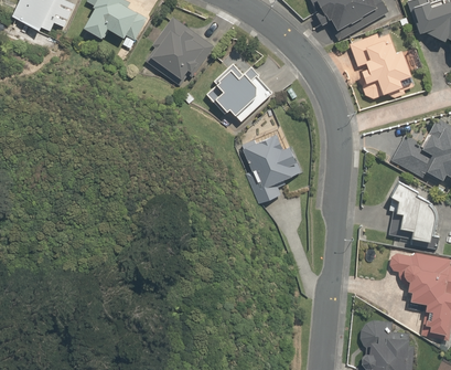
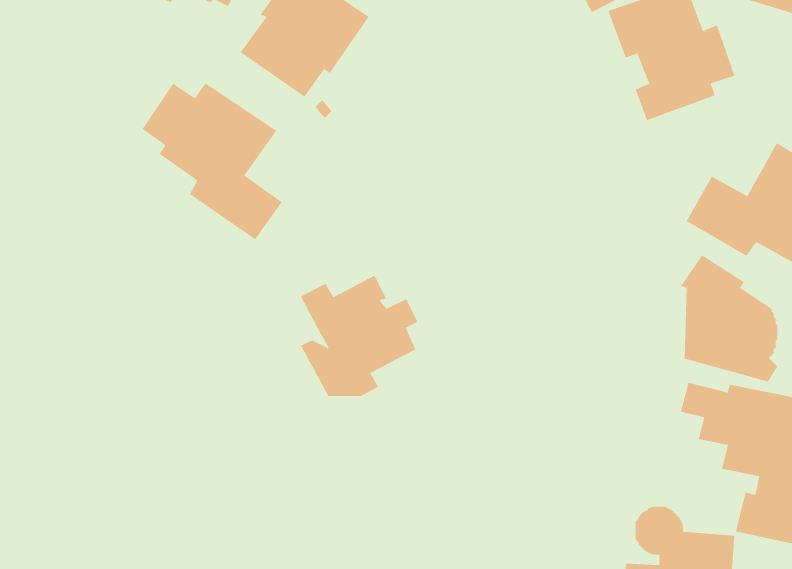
building: [203,62,270,120] -> none
building: none -> [142,83,283,240]
building: [238,133,304,201] -> [300,275,418,397]

